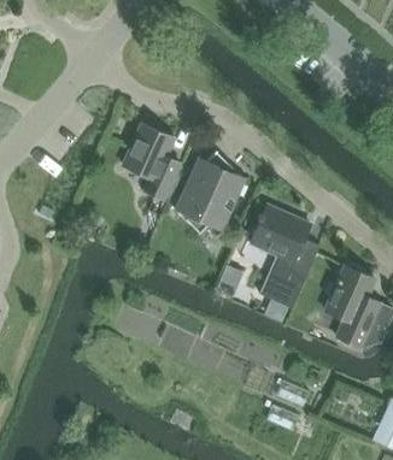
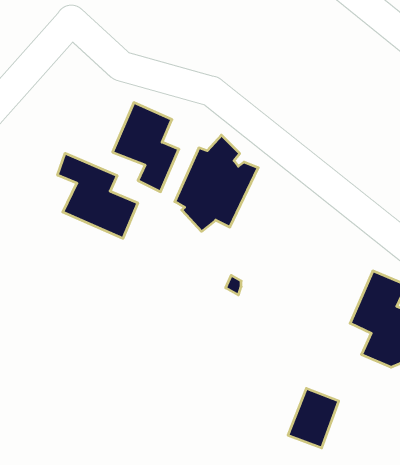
building: none -> [58,153,138,238]
building: [250,206,321,308] -> none

